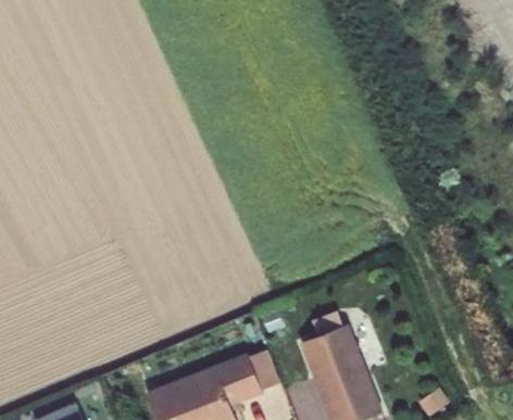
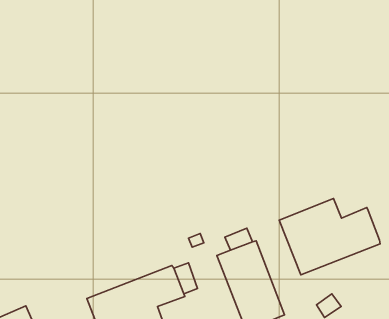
building: none -> [279,198,380,275]

